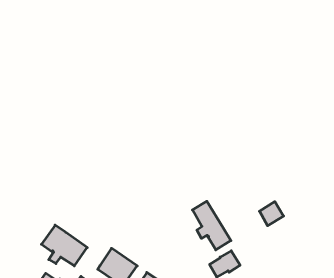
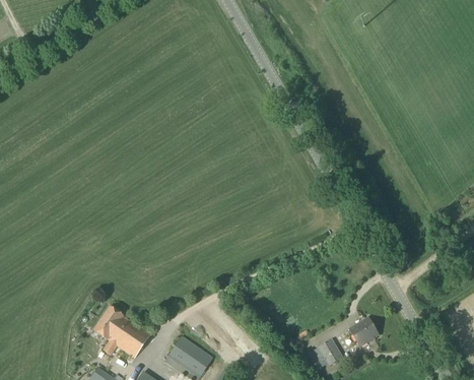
building: [192,201,231,250] -> none
building: [259,202,284,226] -> [350,315,381,345]

